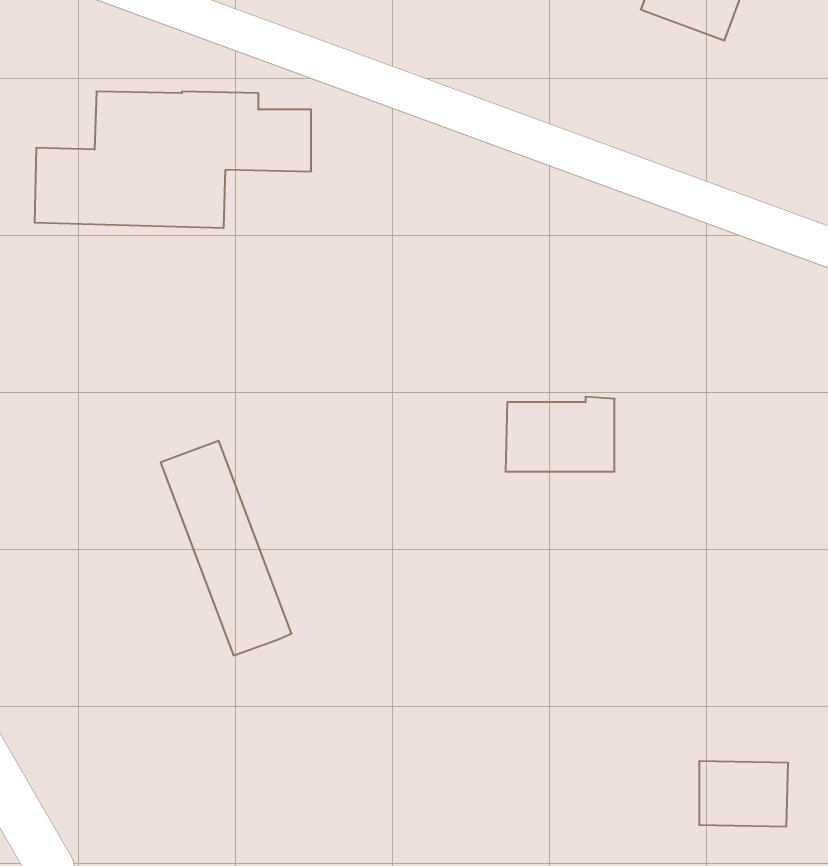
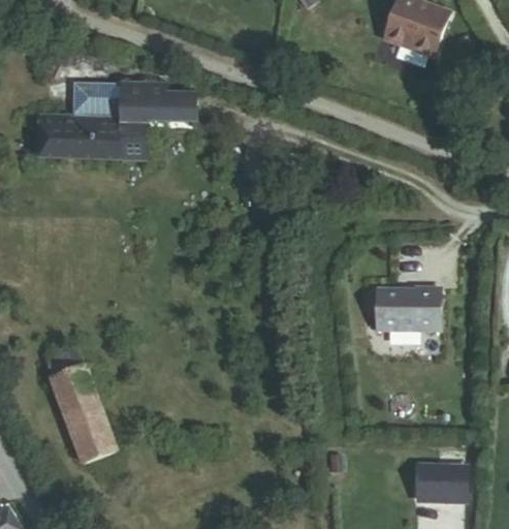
building: [505,397,615,471] -> [376,285,438,328]
building: [161,441,292,655] -> [42,343,117,465]

